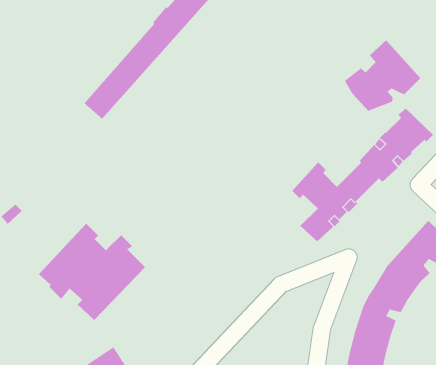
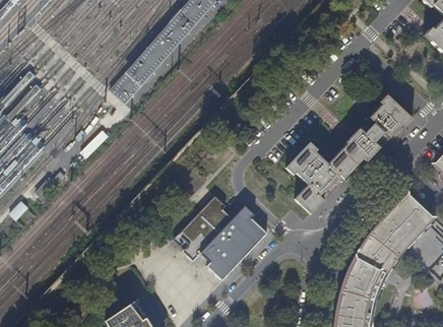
building: [344,39,421,111] -> none
building: [38,223,146,321] -> [176,195,269,280]

